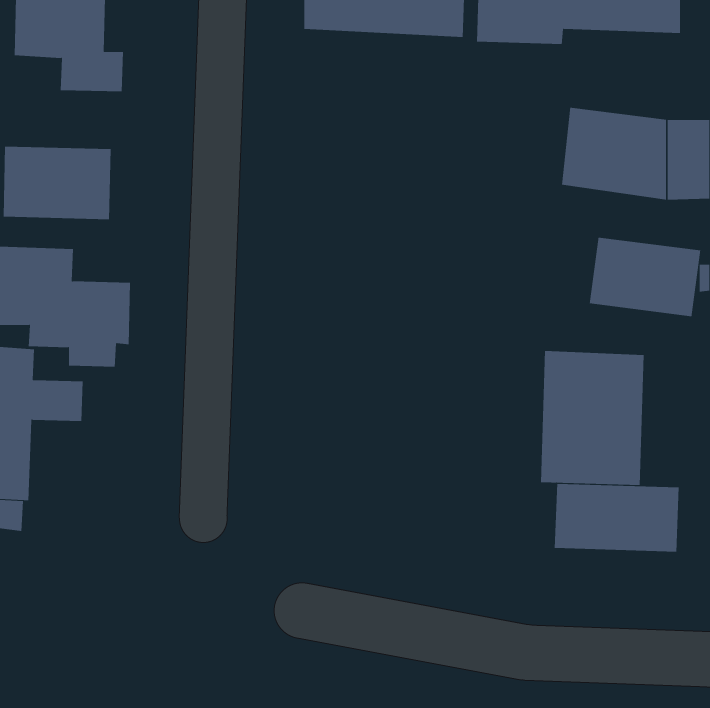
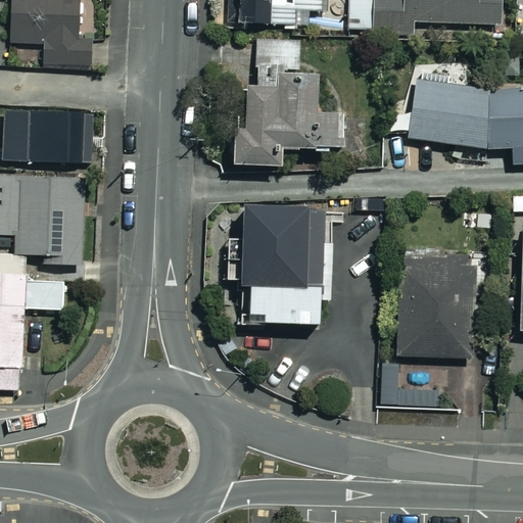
building: none -> [234,39,341,164]
building: [589,237,701,317] -> none
building: none -> [227,203,326,324]
building: [554,483,679,553] -> none

